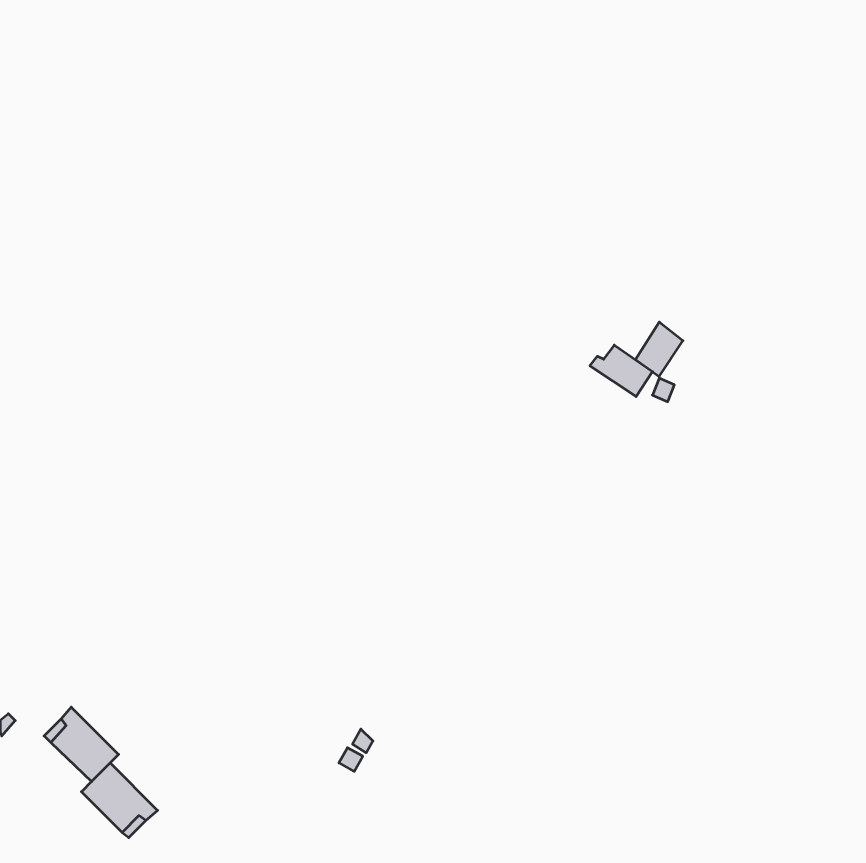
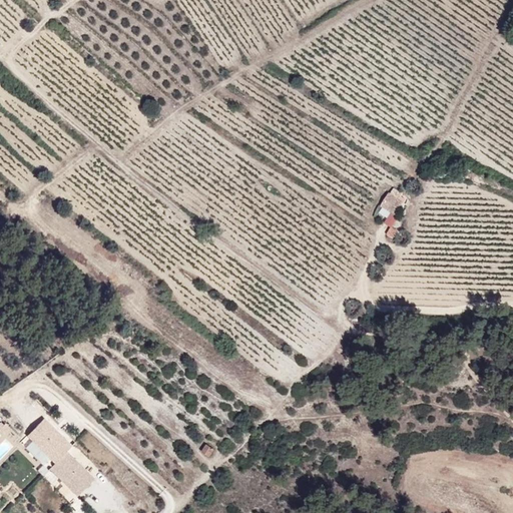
building: [590,345,653,397] -> none

